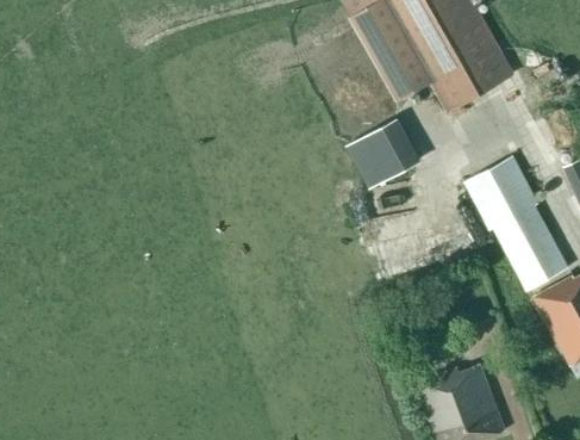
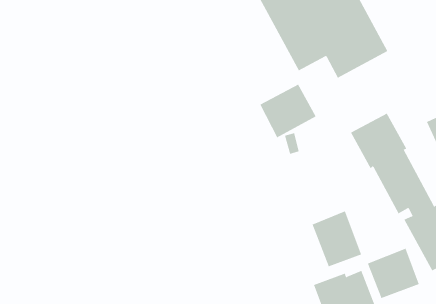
building: none -> [312,210,362,267]
building: none -> [367,248,420,299]

